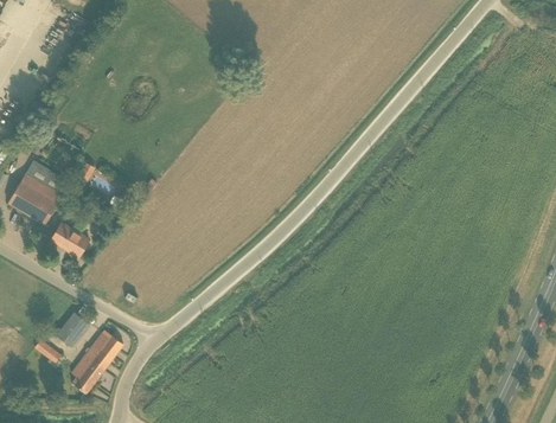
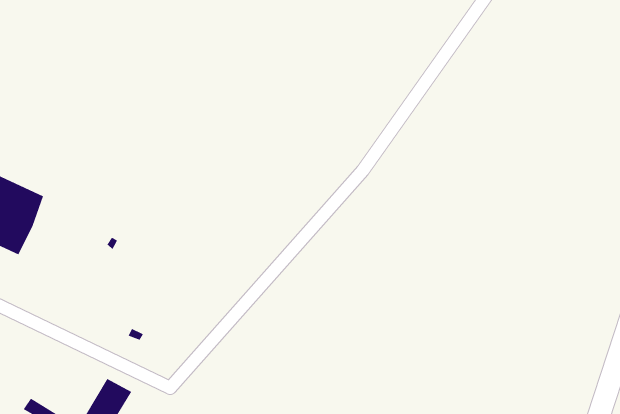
building: [50,222,88,256] -> none
building: [53,312,87,346] -> none

